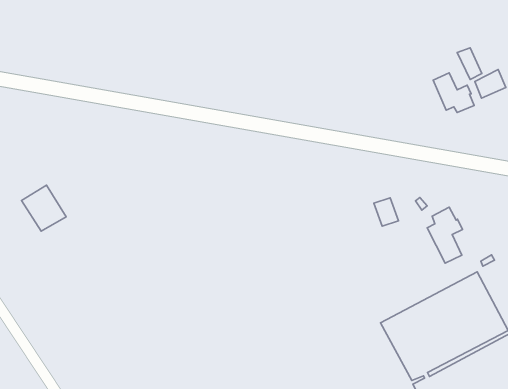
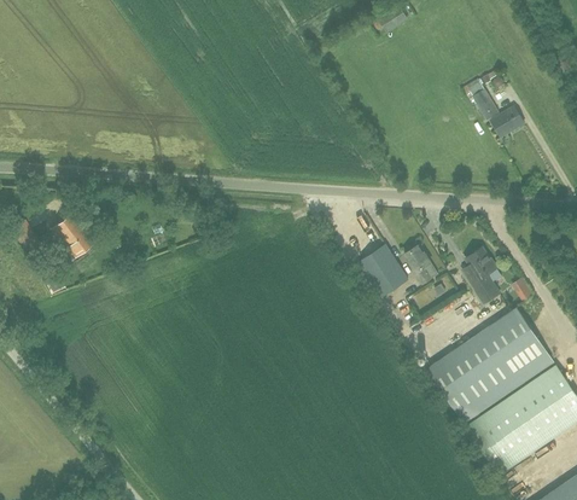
building: [433,73,474,113] -> none
building: [22,185,66,231] -> [49,211,95,257]
building: none -> [356,244,407,296]

